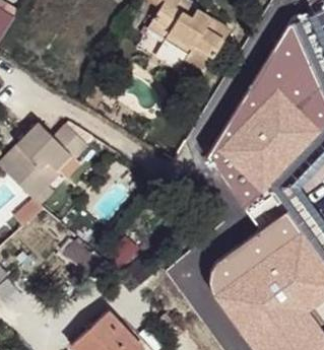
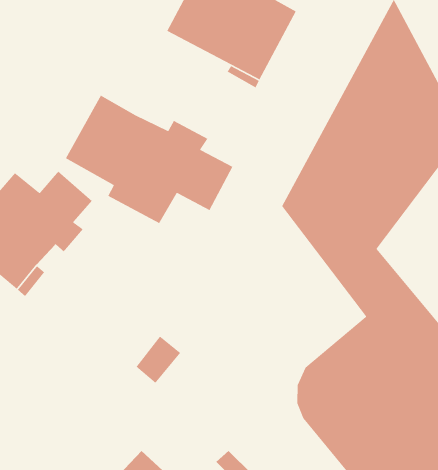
building: none -> [65,94,234,224]

